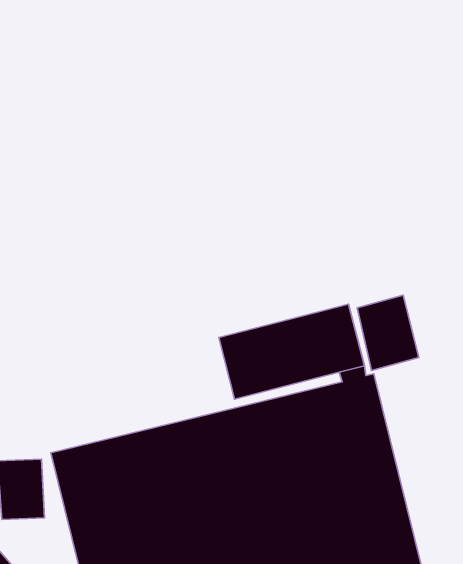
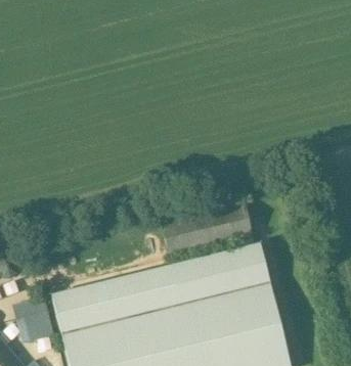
building: [357,295,419,370] -> none

